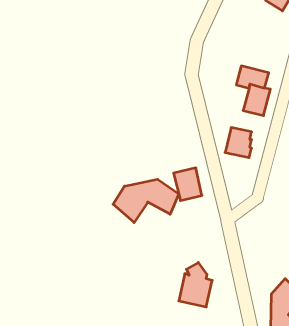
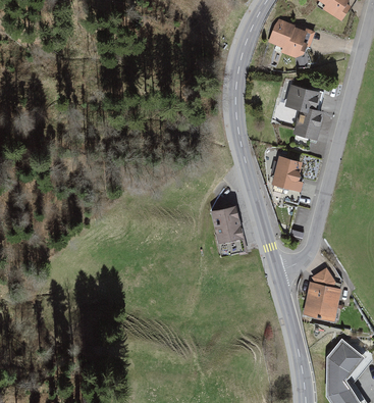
building: none -> [264,15,312,59]
building: [113,179,179,223] -> none
building: [179,262,212,307] -> [303,269,342,322]

